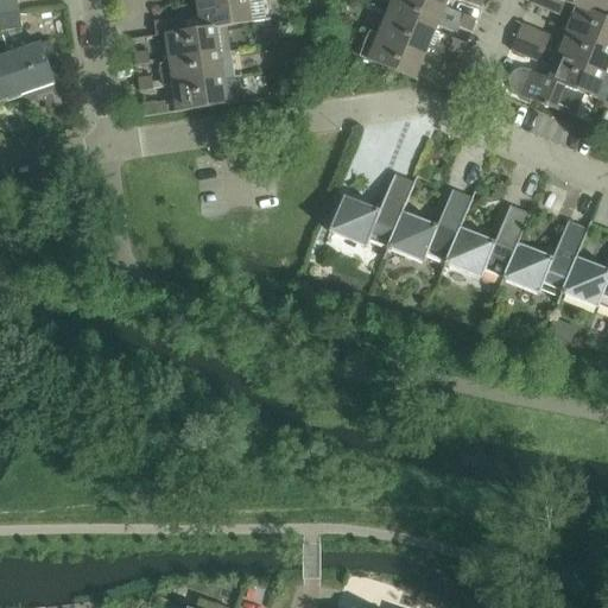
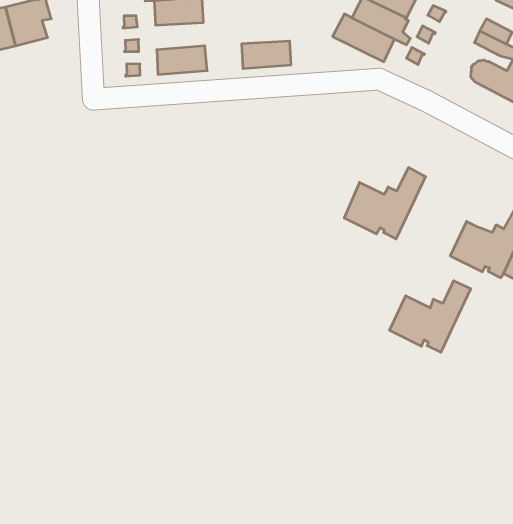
building: [170,51,224,84] -> [242,41,291,69]
building: [330,173,413,249] -> none
building: [446,204,530,281] -> [389,281,471,352]

